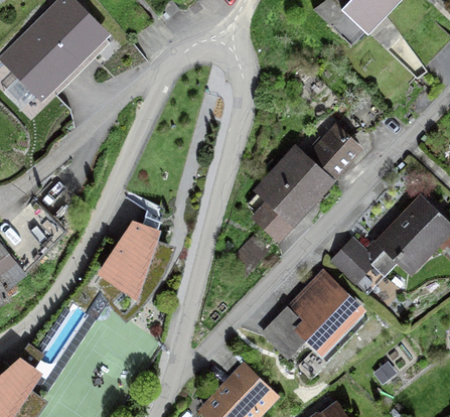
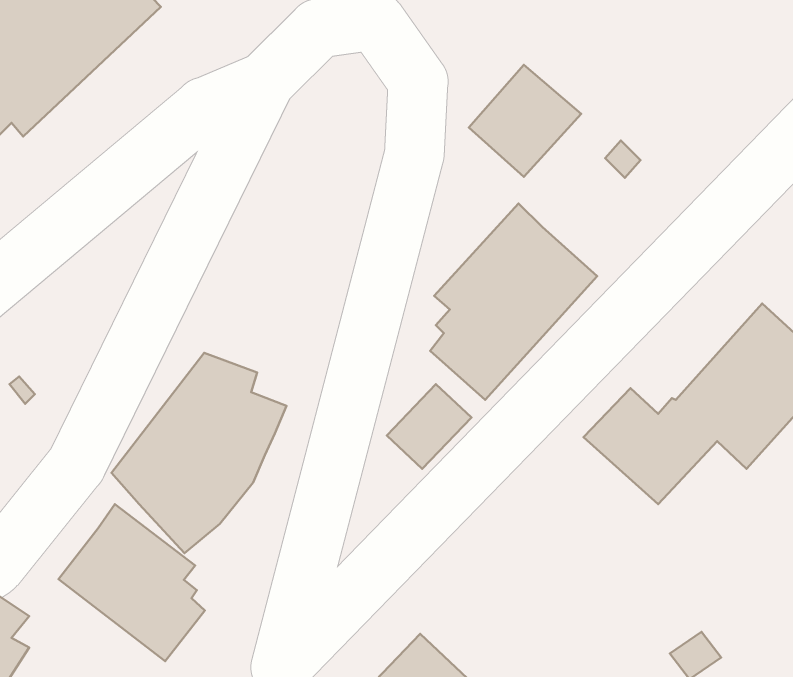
building: [306,121,363,178] -> [469,65,581,177]
building: [260,268,366,364] -> none
building: none -> [58,504,205,661]

